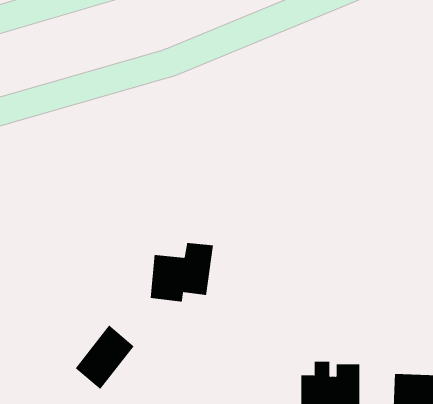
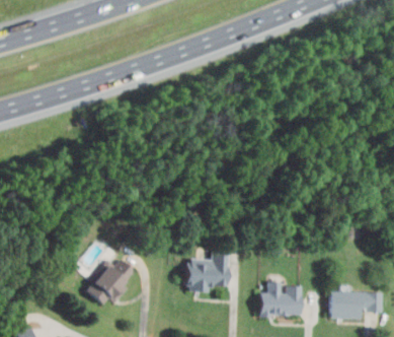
building: [150,242,214,302] -> [182,249,230,293]

